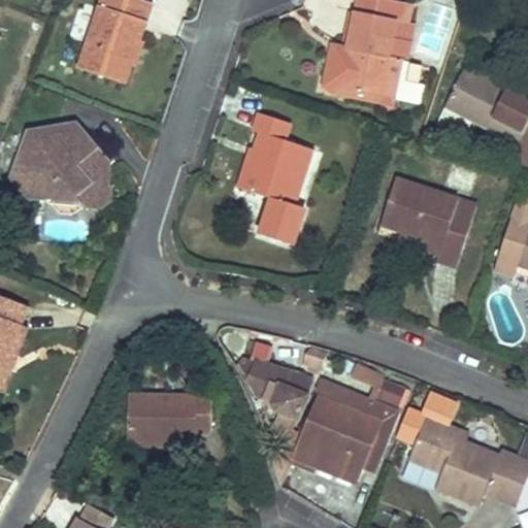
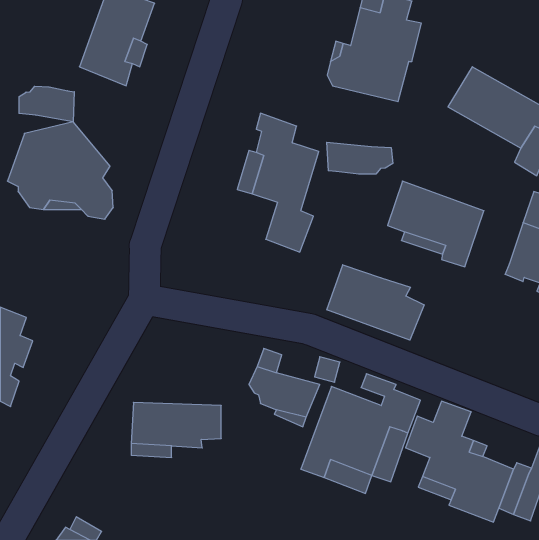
building: none -> [19,86,74,122]
building: none -> [327,142,393,174]
building: none -> [327,265,424,340]

